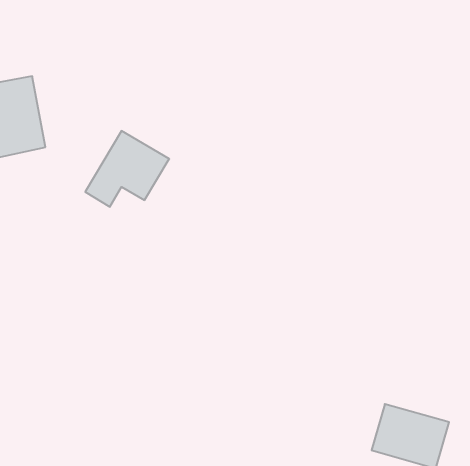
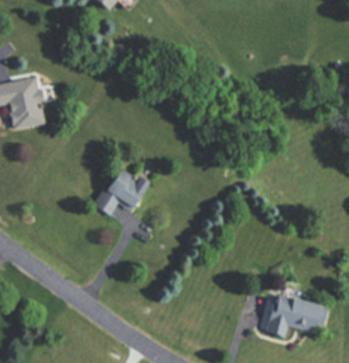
building: [85,131,169,207] -> [94,165,150,215]

